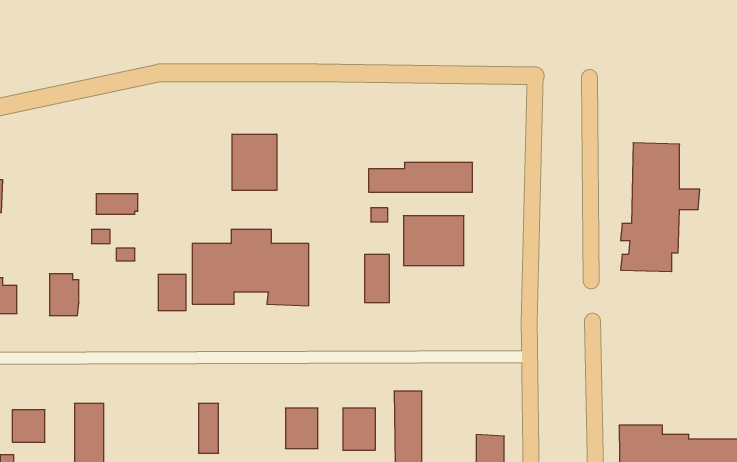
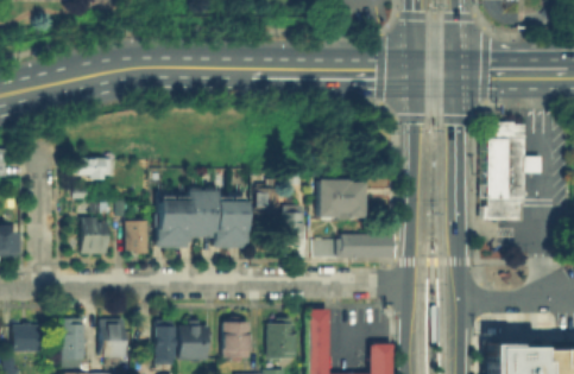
building: [232,134,277,190] -> none
building: [369,163,473,192] -> [309,233,389,255]
building: none -> [258,180,278,215]
building: [49,274,79,316] -> [82,221,105,253]
building: none -> [102,321,124,356]
building: none -> [179,325,207,360]

